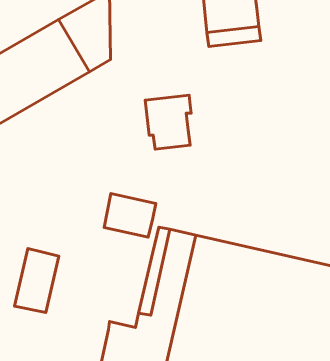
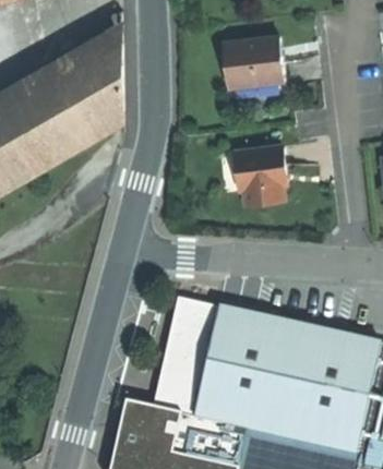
building: [145,95,191,149] -> [232,142,283,201]
building: [104,194,156,237] -> none
building: [15,249,59,313] -> none

